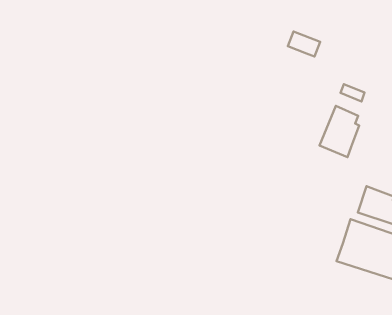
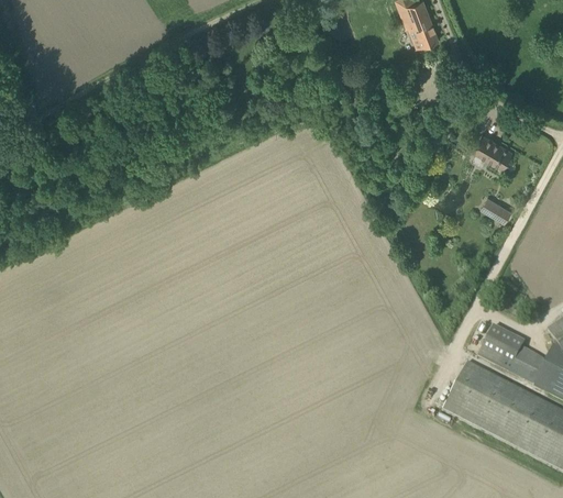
building: [288,32,320,57] -> [473,133,512,167]
building: [320,106,359,157] -> none

